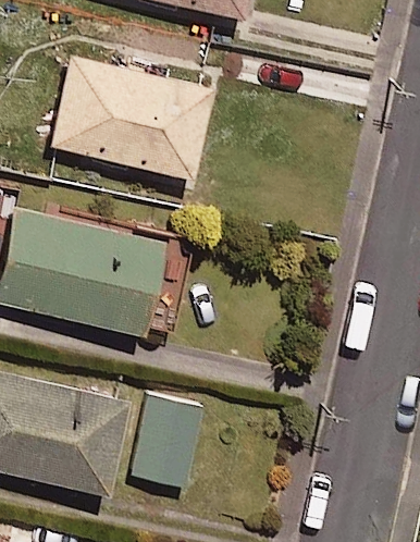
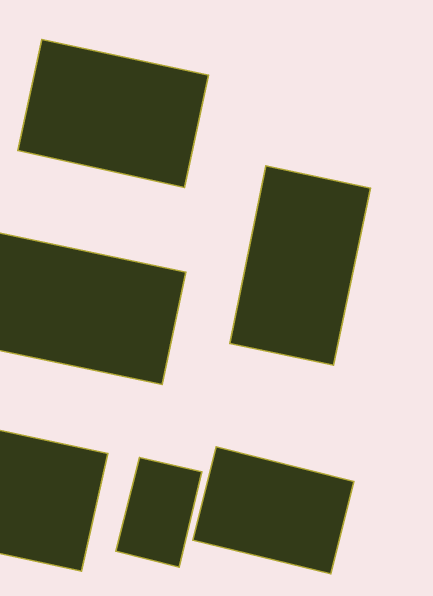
building: none -> [230,166,371,365]
building: none -> [193,447,354,574]

